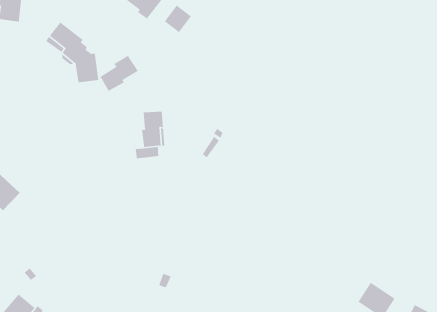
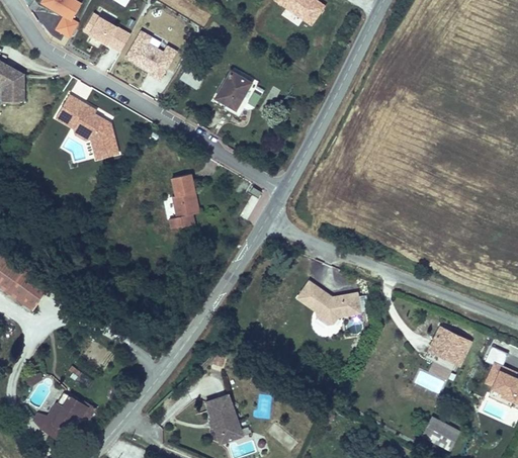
building: none -> [213,67,253,109]
building: [99,55,139,92] -> none
building: none -> [295,281,362,324]

